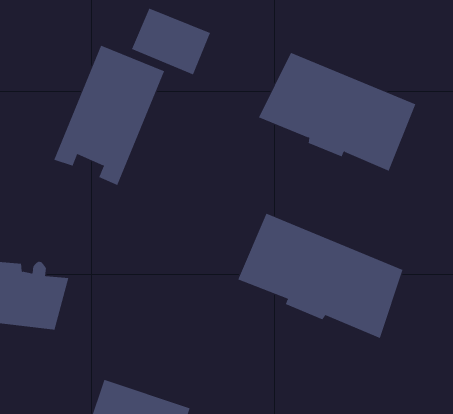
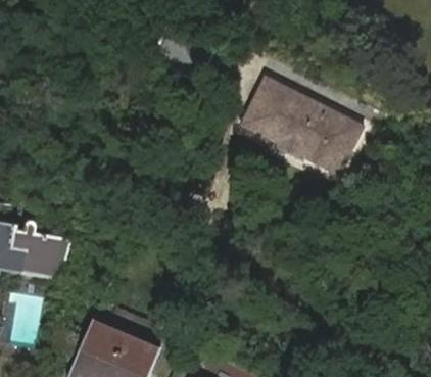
building: [54,45,165,186] -> none
building: [237,213,403,339] -> none

